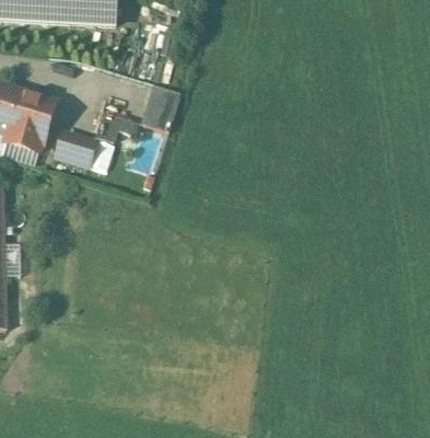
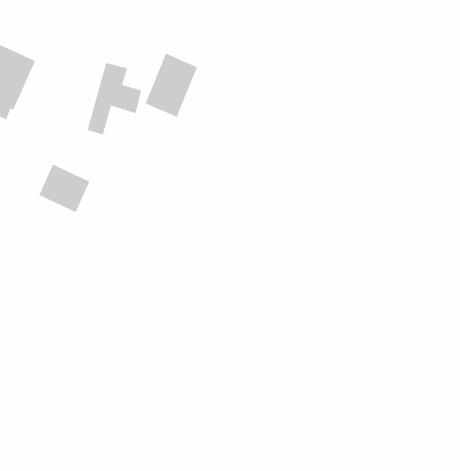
building: [57,131,95,166] -> [39,164,90,213]

